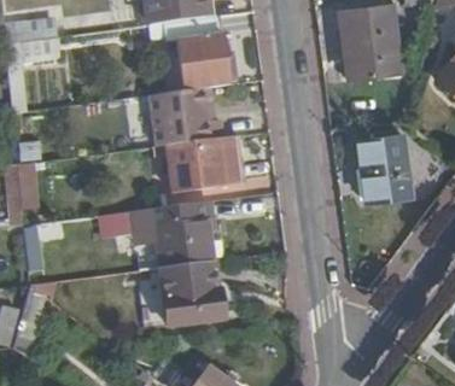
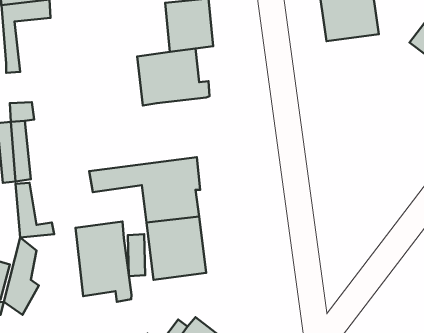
building: [358,135,412,201] -> none
building: [170,136,245,191] -> none
building: none -> [76,222,131,302]

